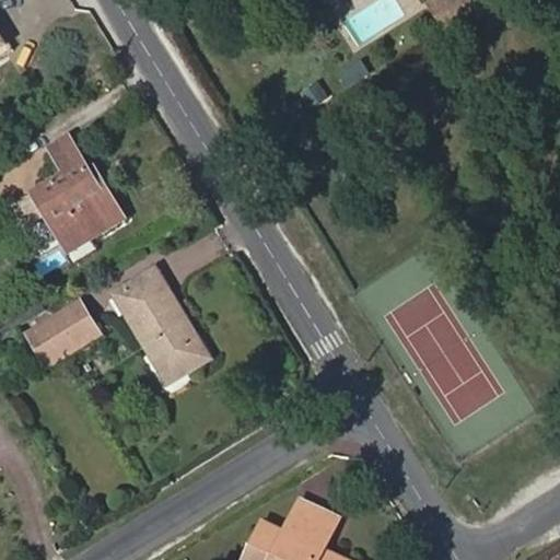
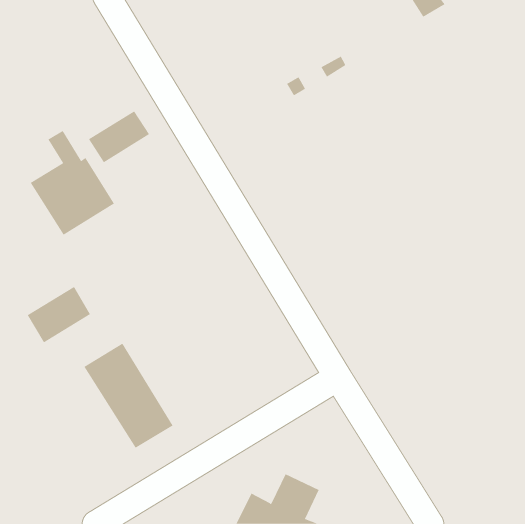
building: none -> [88,110,150,163]
building: [112,268,207,380] -> [84,343,174,448]

